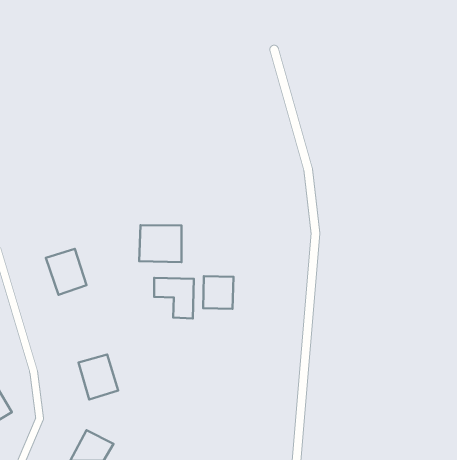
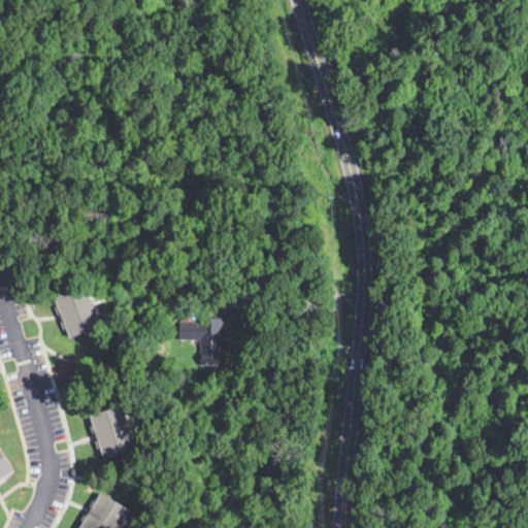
building: [139,225,182,262] -> none
building: [203,276,234,309] -> none

